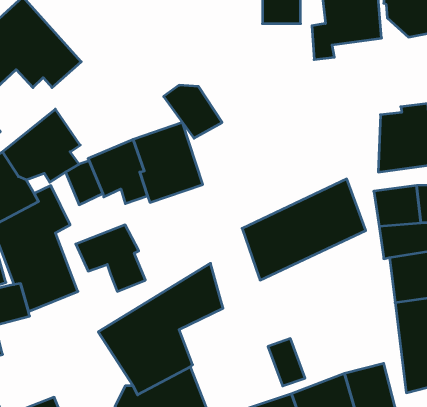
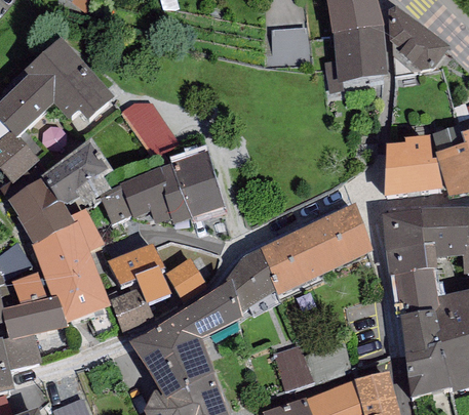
building: [164,85,222,138] -> [120,103,173,152]
building: none -> [231,247,275,313]
building: none -> [166,257,205,300]
building: none -> [110,289,154,334]

